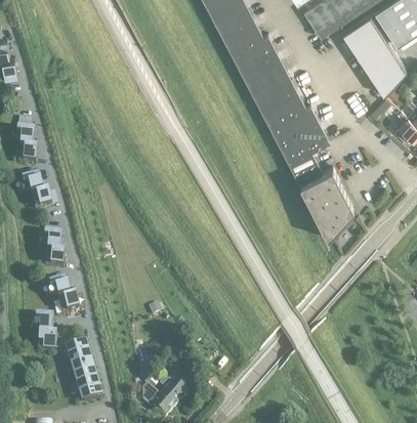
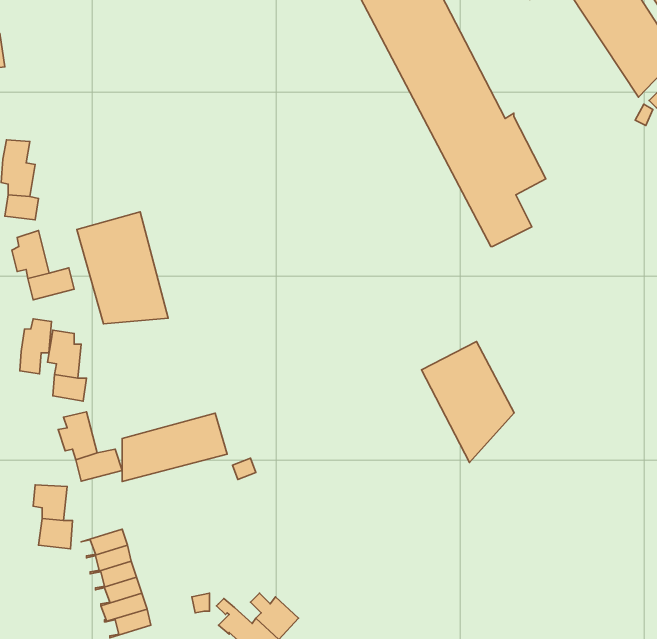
building: none -> [77,212,168,324]
building: [299,166,352,236] -> [421,342,514,462]
building: none -> [20,319,51,374]
building: none -> [122,413,227,482]

